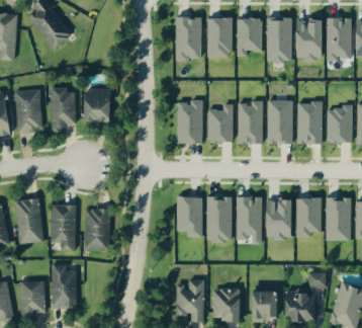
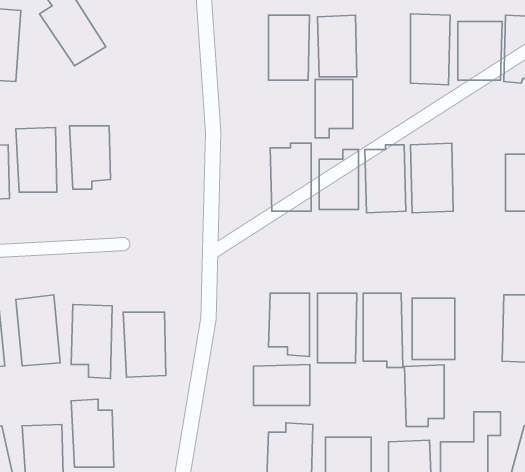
building: [238,18,262,56] -> [315,79,353,138]
building: [84,88,113,120] -> none
building: [297,101,323,144] -> none
building: [296,196,322,236] -> [405,365,444,426]
building: none -> [253,365,310,406]

